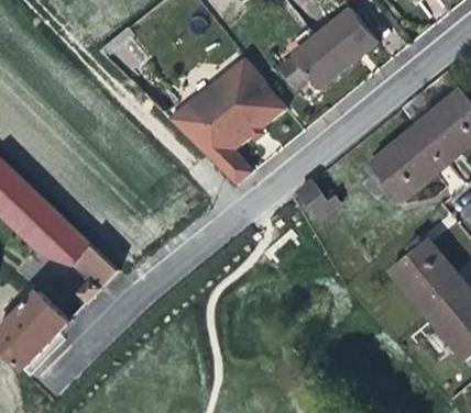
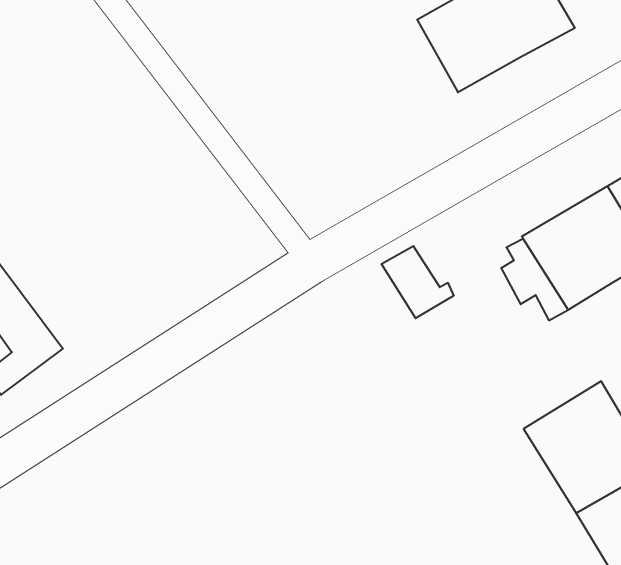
building: [177,54,288,176] -> none

